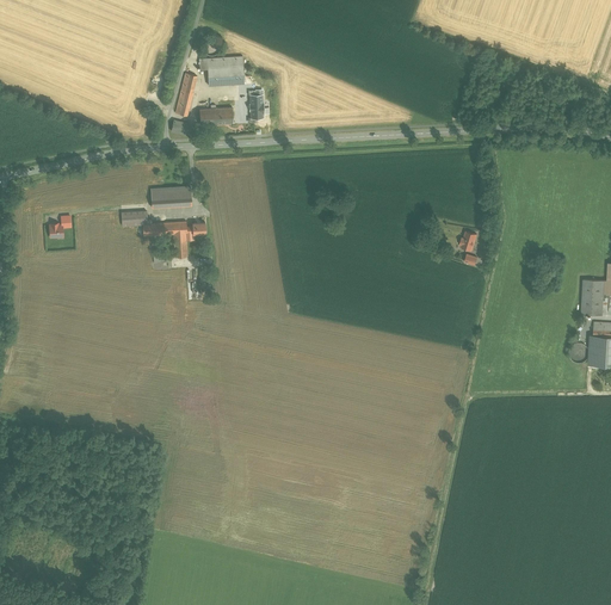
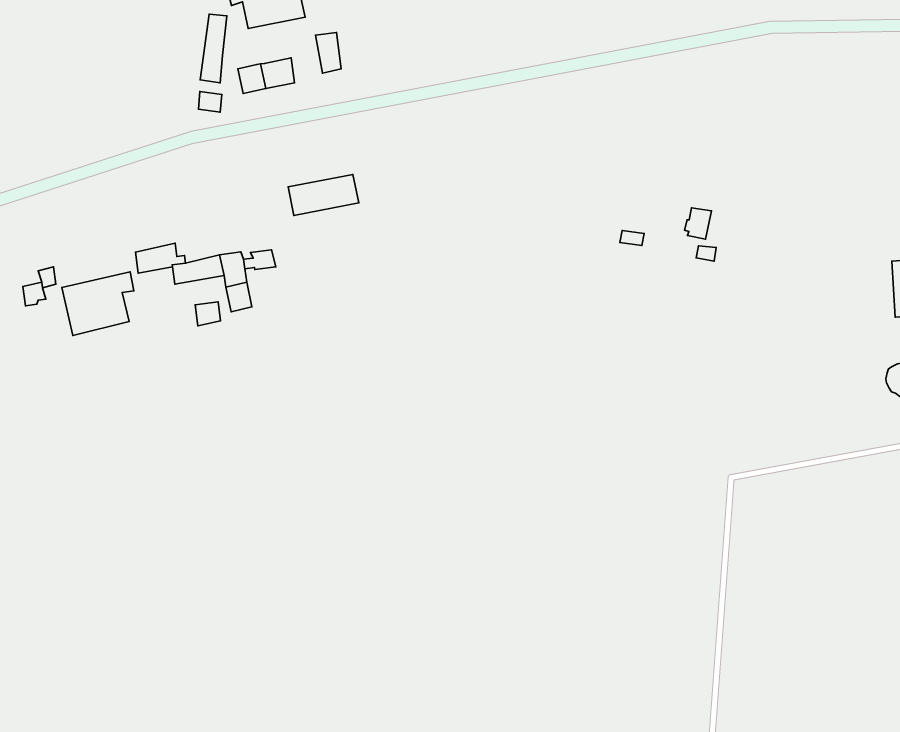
building: [150,186,192,206] -> [288,174,359,215]
building: none -> [62,272,134,336]

